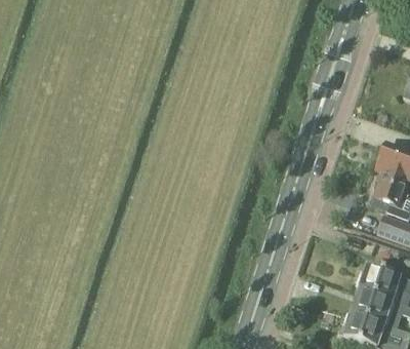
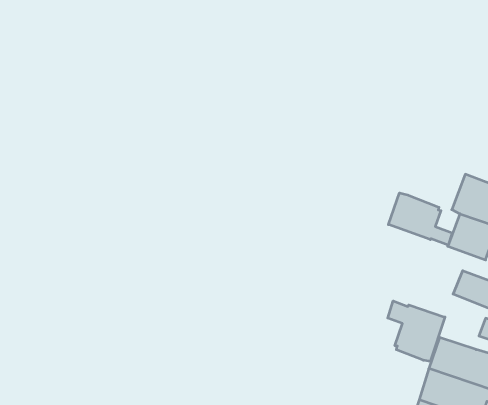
building: none -> [388,193,452,245]
building: none -> [388,301,445,361]

